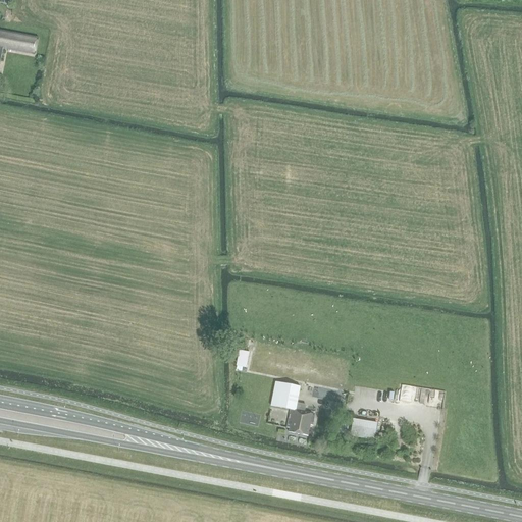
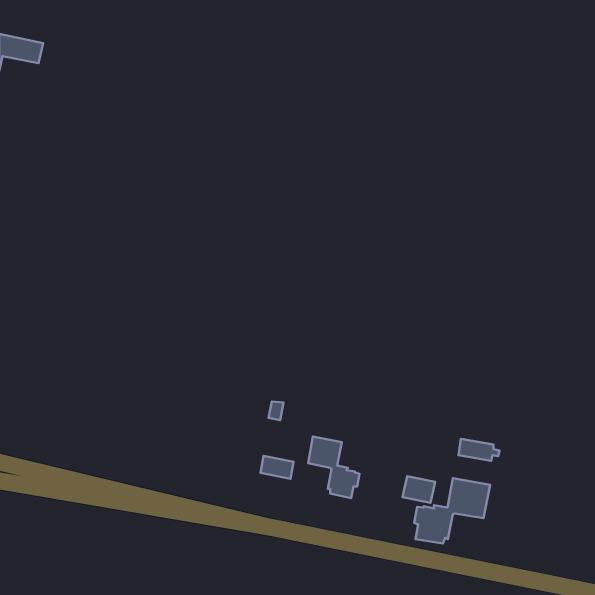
building: none -> [261,456,294,479]
building: none -> [414,478,490,543]

